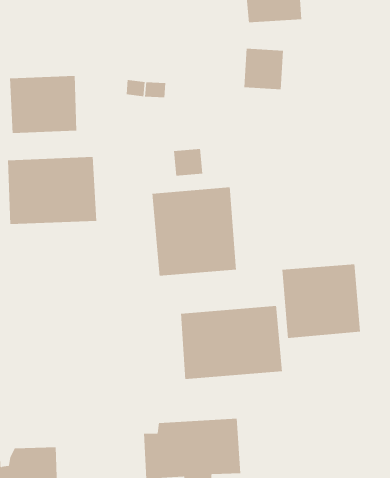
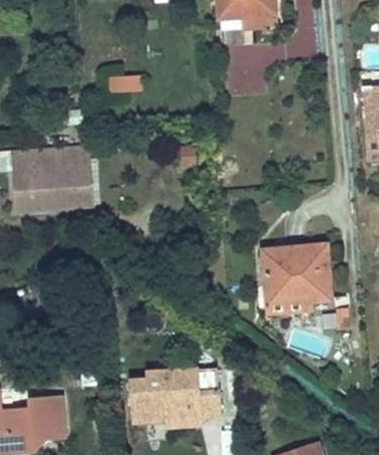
building: [10,75,77,134] -> none
building: [152,187,236,277] -> none
building: [180,305,282,380] -> none

